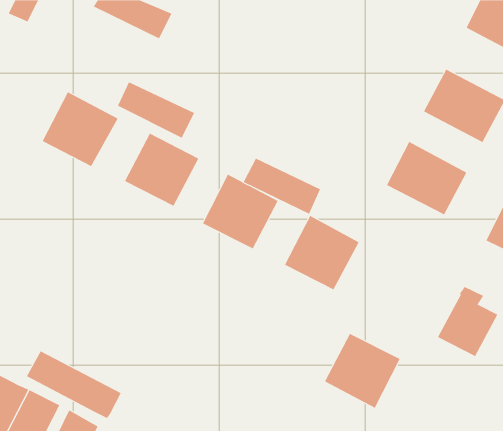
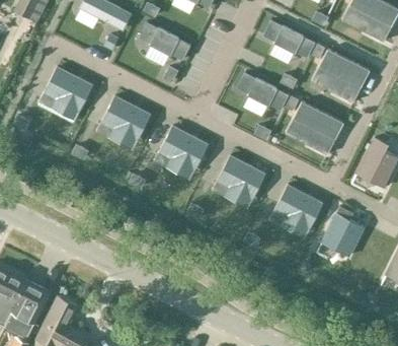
building: none -> [263,21,319,61]
building: [117,82,195,138] -> [136,19,191,60]
building: [243,158,321,215] -> [235,71,291,112]
building: [324,333,401,408] -> [268,186,323,239]
building: [26,350,122,419] -> none

